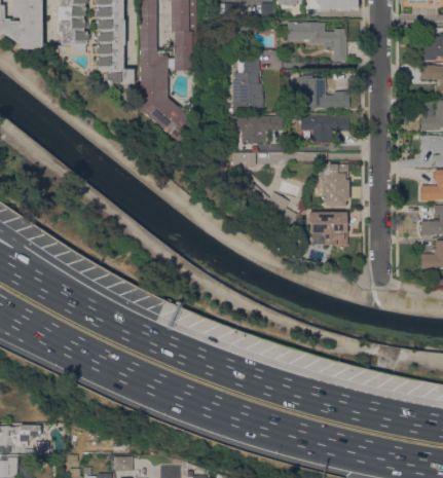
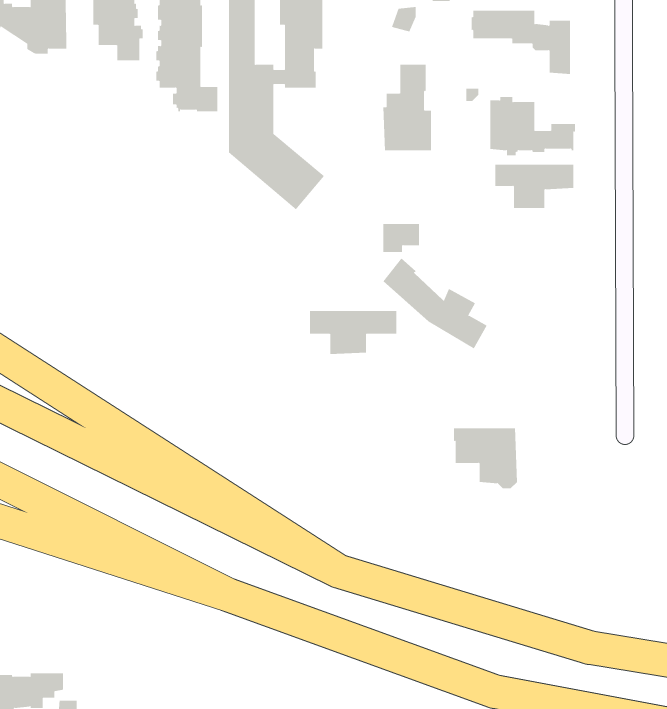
building: [229,116,283,143] -> [309,311,397,355]
building: [317,164,349,207] -> none
building: [308,212,347,249] -> [453,428,518,489]

